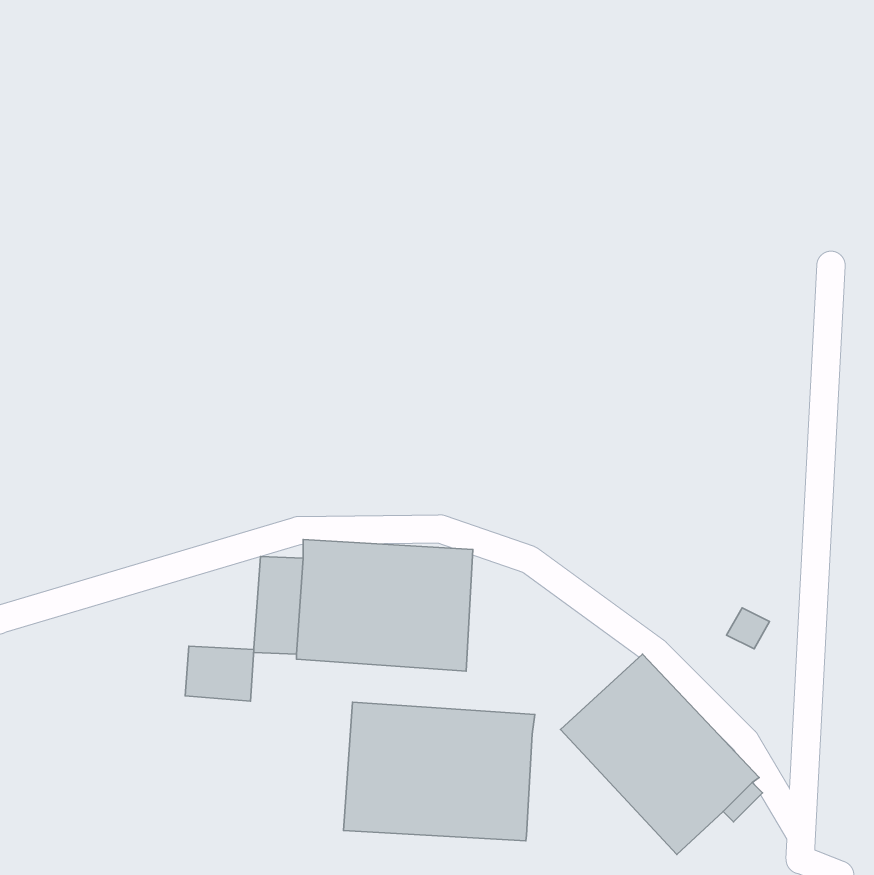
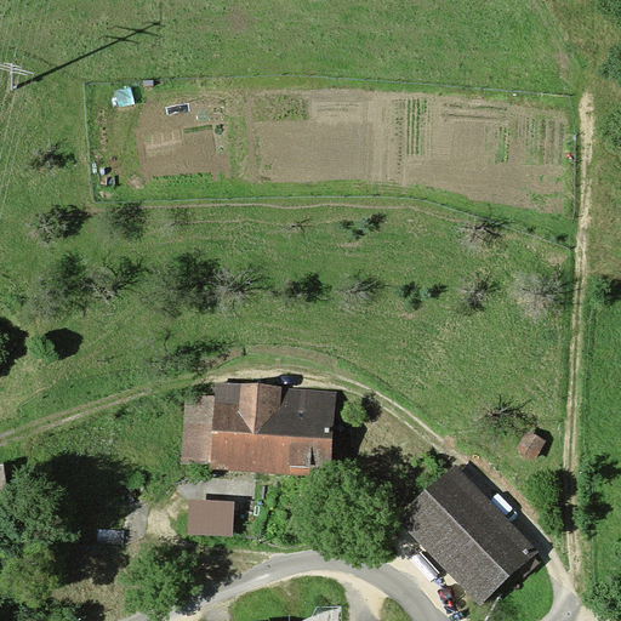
building: [185,646,254,701] -> [187,498,235,537]
building: [343,702,535,841] -> none

